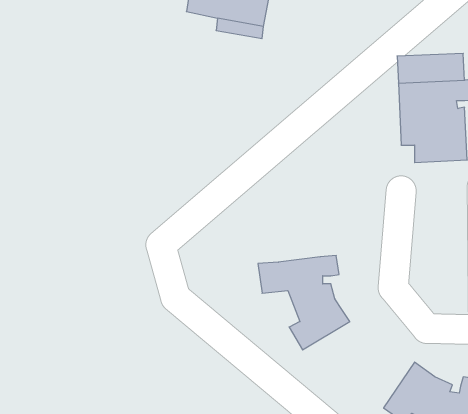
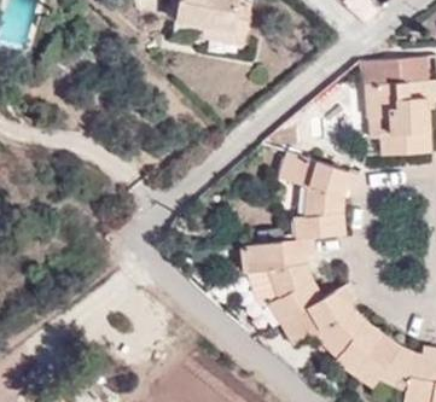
building: none -> [279,151,359,239]
building: none -> [280,284,380,374]

